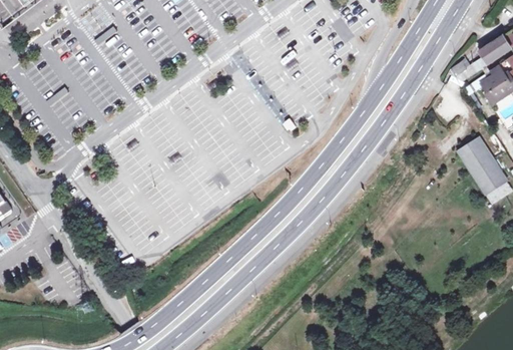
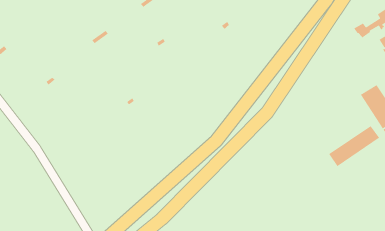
building: none -> [328,125,380,167]

